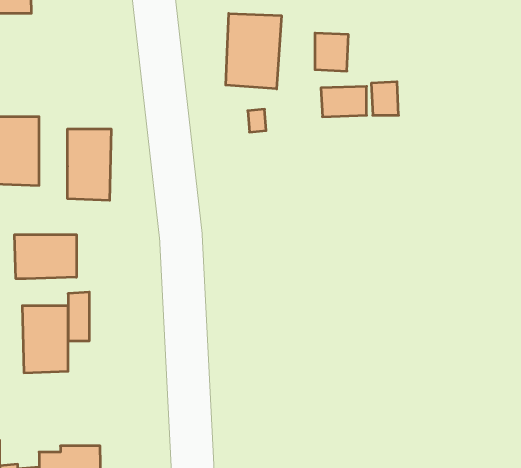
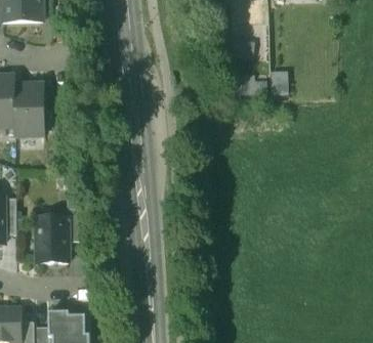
building: [226,13,281,89] -> none
building: [68,129,111,200] -> none
building: [15,235,76,279] -> none

